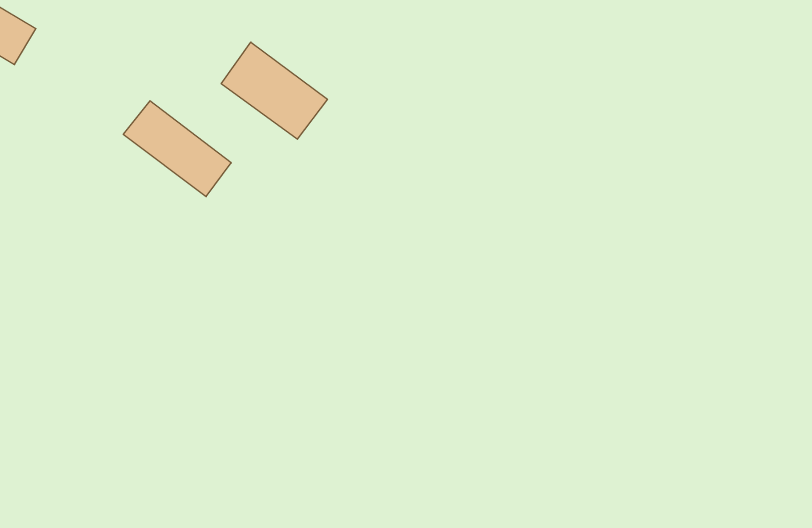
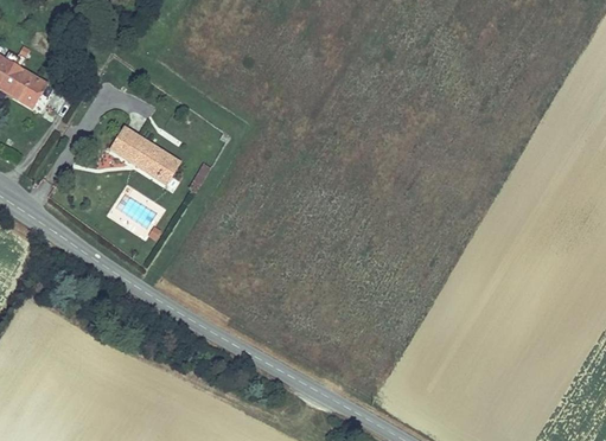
building: [221,42,327,139] -> none

